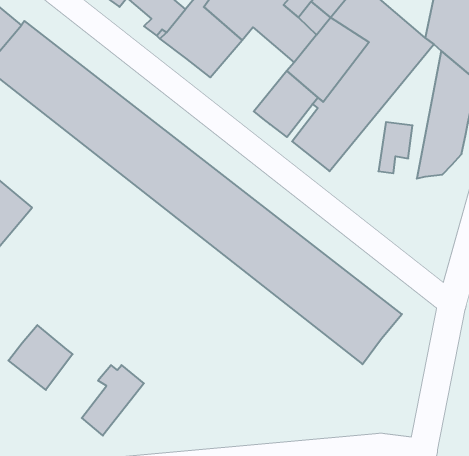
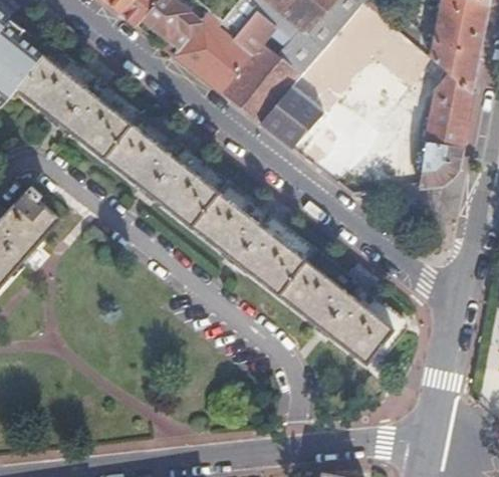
building: none -> [222,47,301,127]
building: [8,325,73,390] -> none
building: [82,365,144,436] -> none

